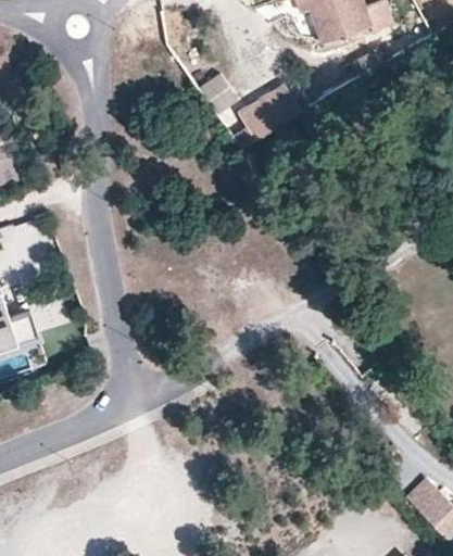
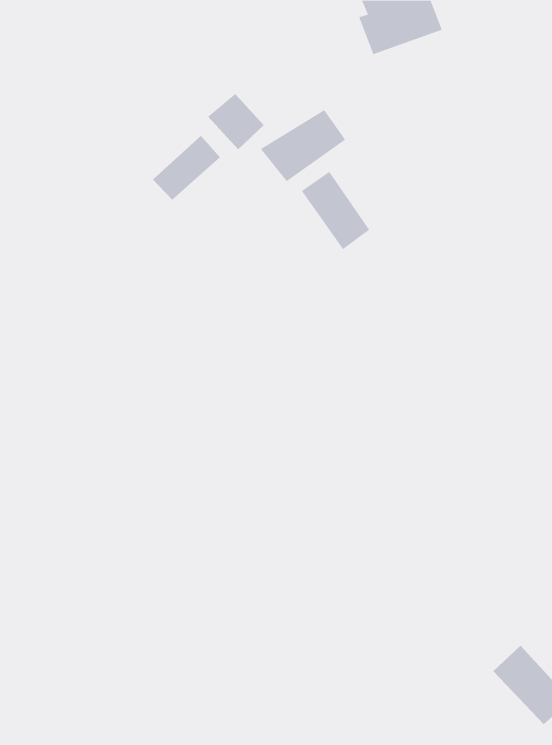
building: none -> [152,135,221,201]
building: none -> [301,171,370,250]

